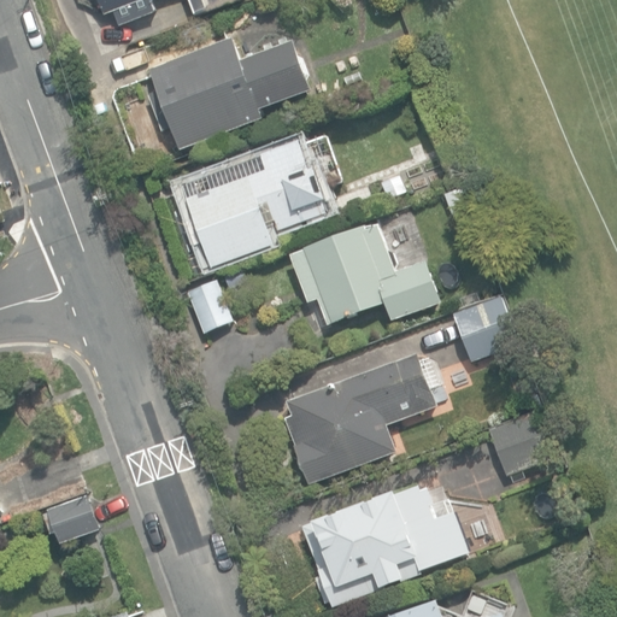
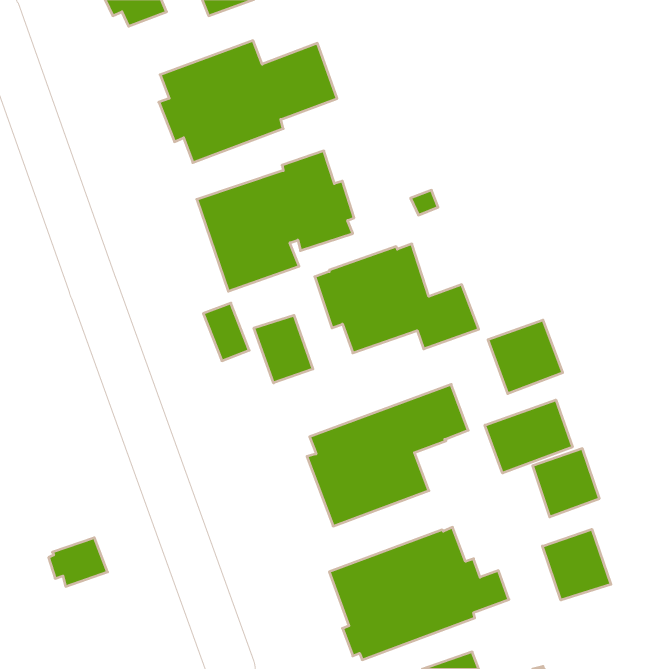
building: none -> [254,315,313,383]
building: none -> [485,400,572,473]
building: none -> [542,529,611,600]

